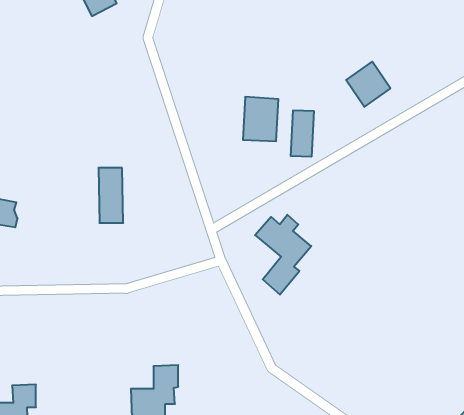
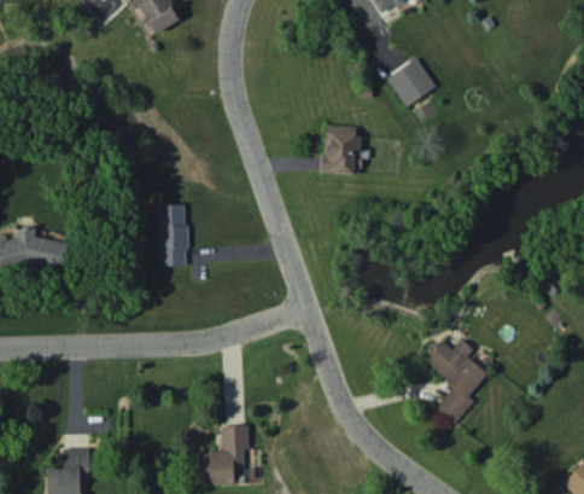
building: [346,62,390,107] -> [386,56,436,106]
building: [291,110,314,157] -> none
building: [255,215,311,295] -> [425,338,487,428]

